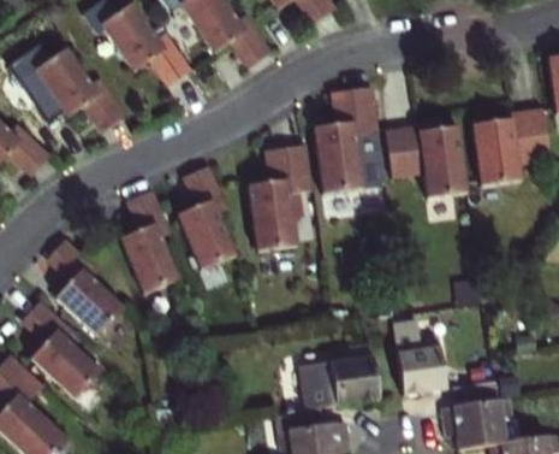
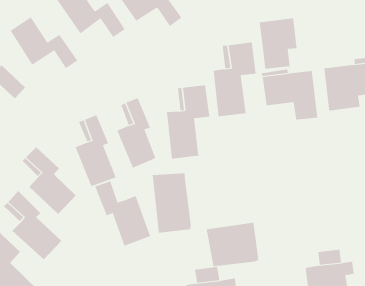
building: none -> [259,18,297,70]
building: none -> [152,173,191,234]
building: none -> [94,180,151,246]
building: [396,320,447,395] -> none

